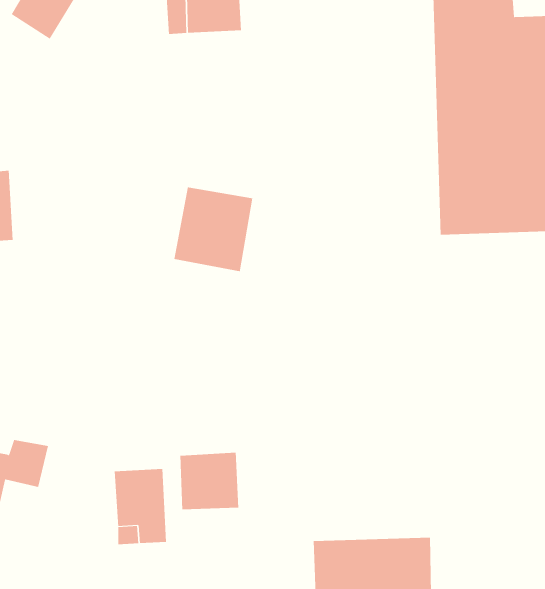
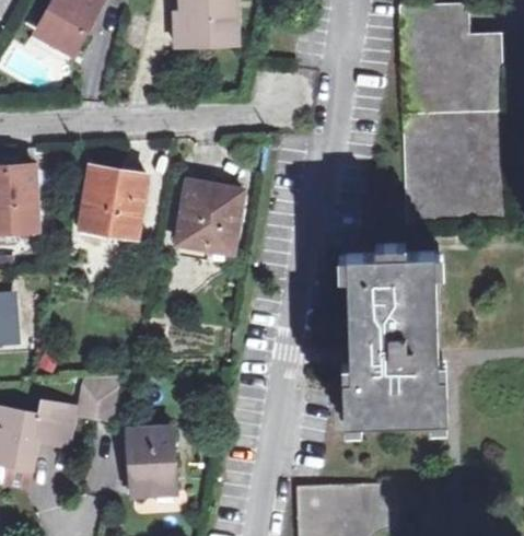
building: none -> [80,165,148,236]
building: none -> [341,255,445,426]
building: none -> [80,373,126,420]
building: [180,452,239,510] -> none

